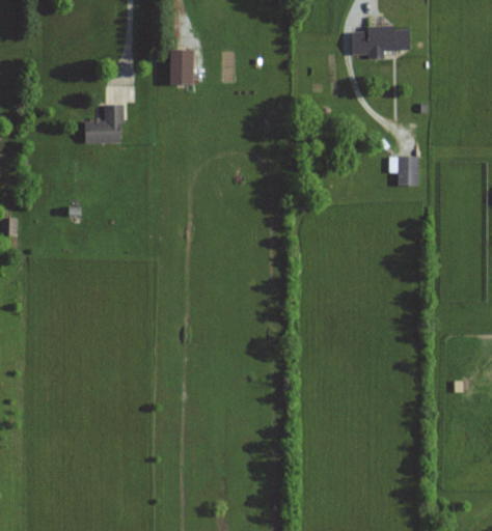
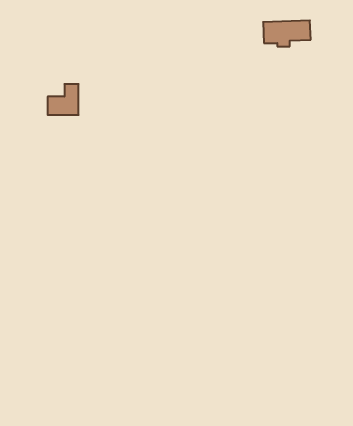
building: [168,49,192,85] -> none
building: [398,156,418,185] -> none

